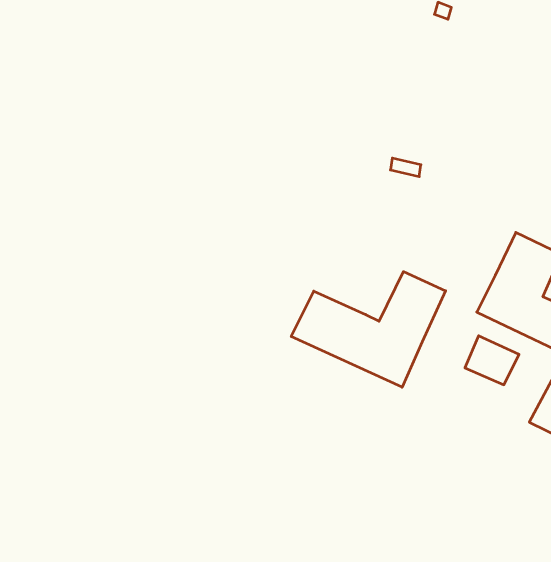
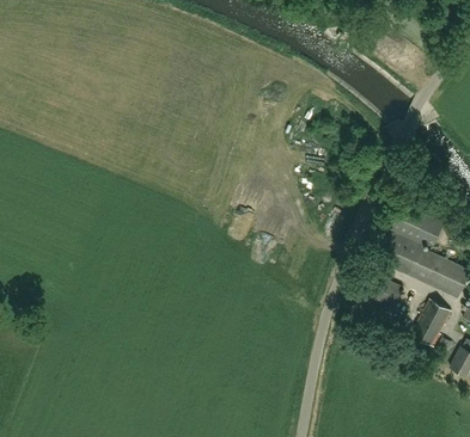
building: [291,272,446,387] -> none

